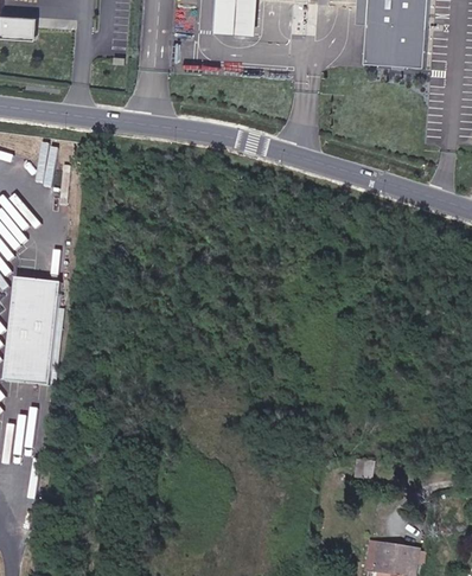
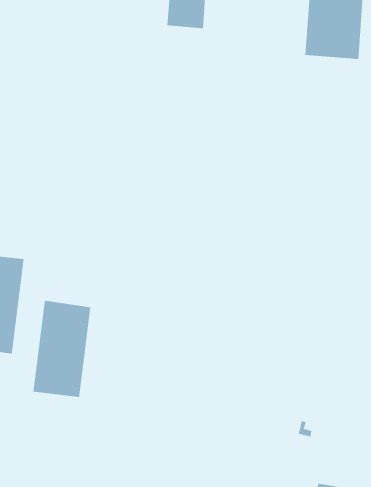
building: none -> [33,300,91,398]

